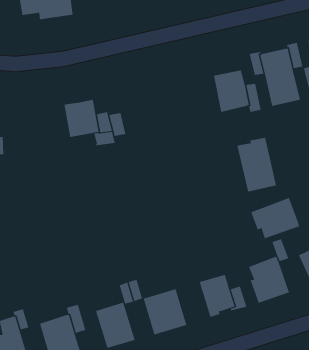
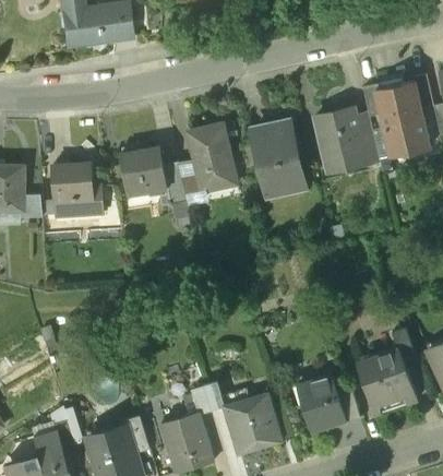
building: none -> [189,124,235,191]
building: none -> [51,164,103,217]
building: [237,137,277,192] -> [251,120,303,192]
building: [250,197,300,239] -> none

